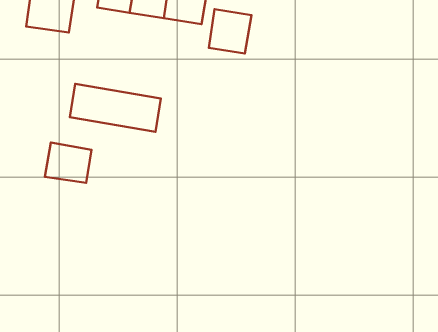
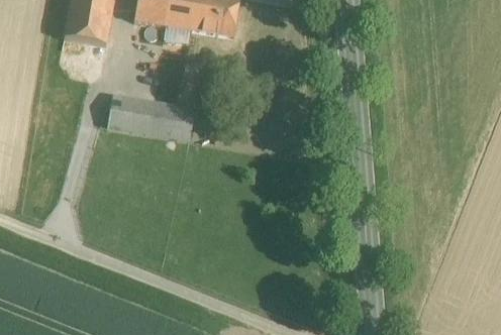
building: [209,9,252,54] -> none
building: [45,143,92,183] -> none

